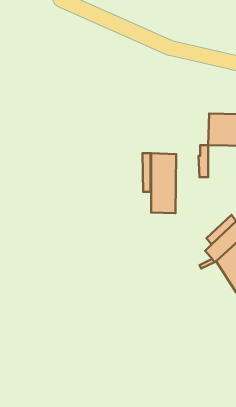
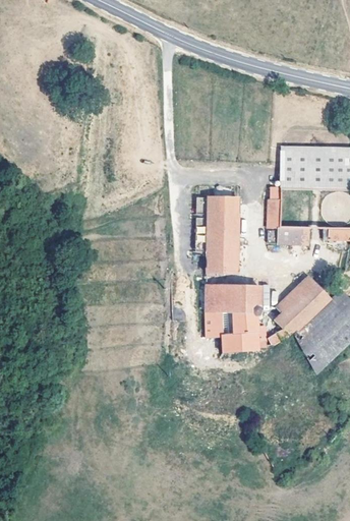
building: none -> [277,226,309,244]
building: none -> [207,284,267,352]

